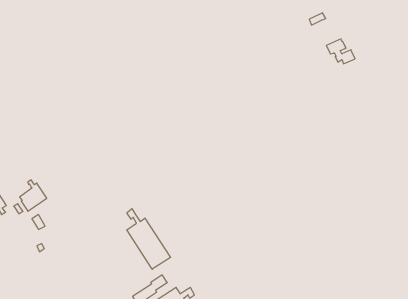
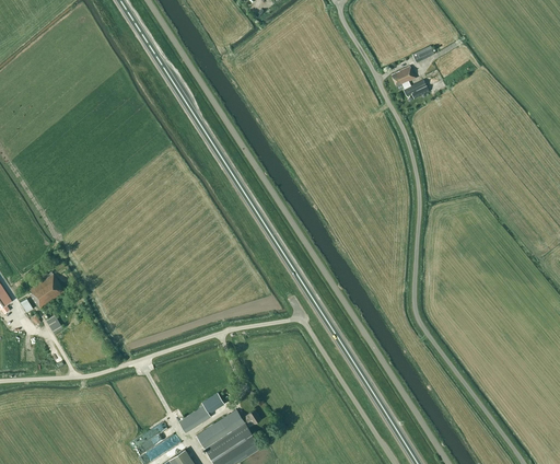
building: [326,39,355,64] -> [390,66,429,98]
building: [127,209,171,269] -> none

